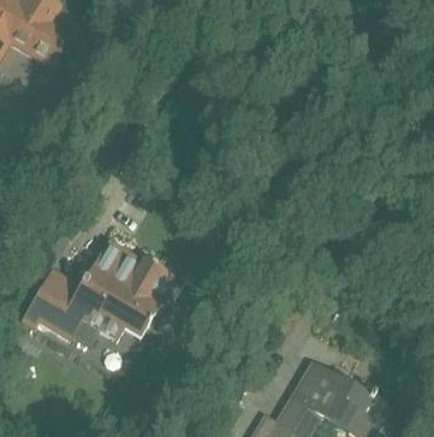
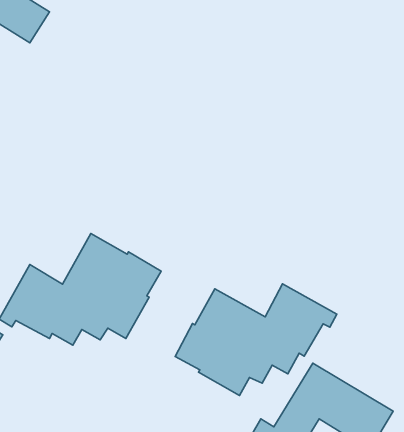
building: none -> [175,284,337,395]

